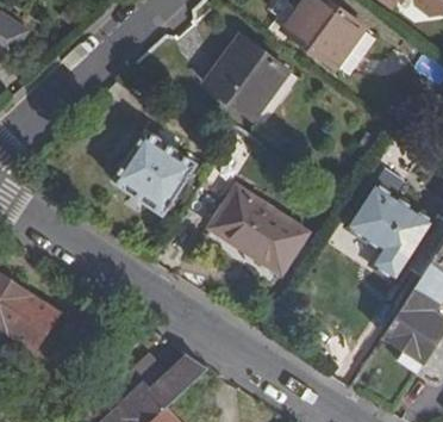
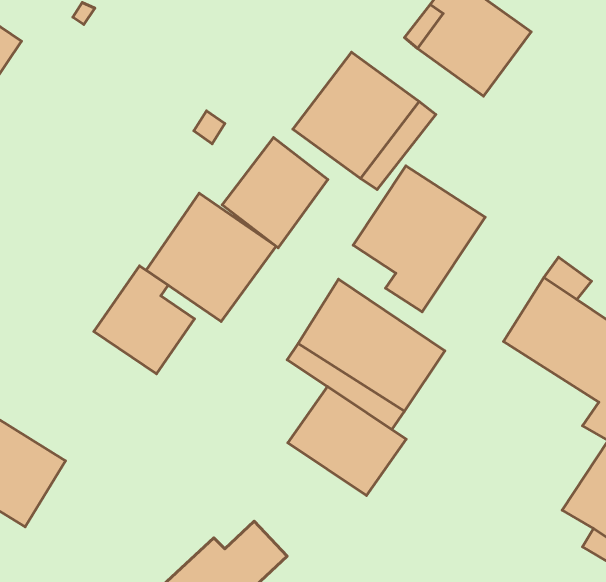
building: none -> [222,137,328,248]
building: none -> [353,166,485,312]
building: none -> [94,266,195,374]
building: none -> [288,387,406,495]

